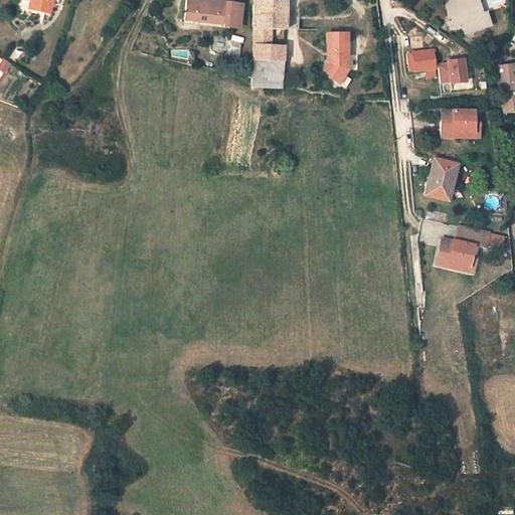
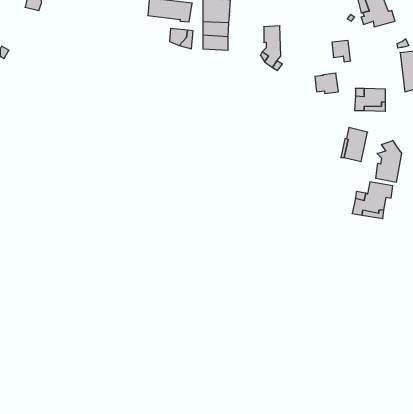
building: [440,57,469,82] -> [315,73,338,93]
building: [253,60,285,89] -> none
building: none -> [376,140,402,182]

